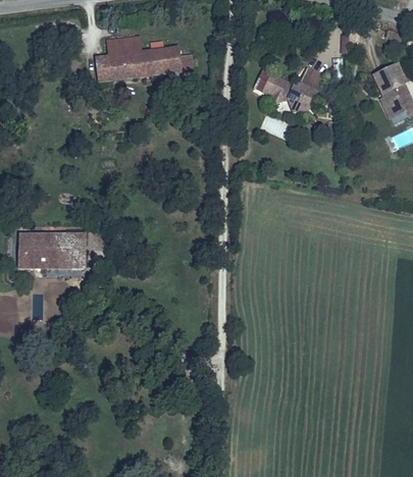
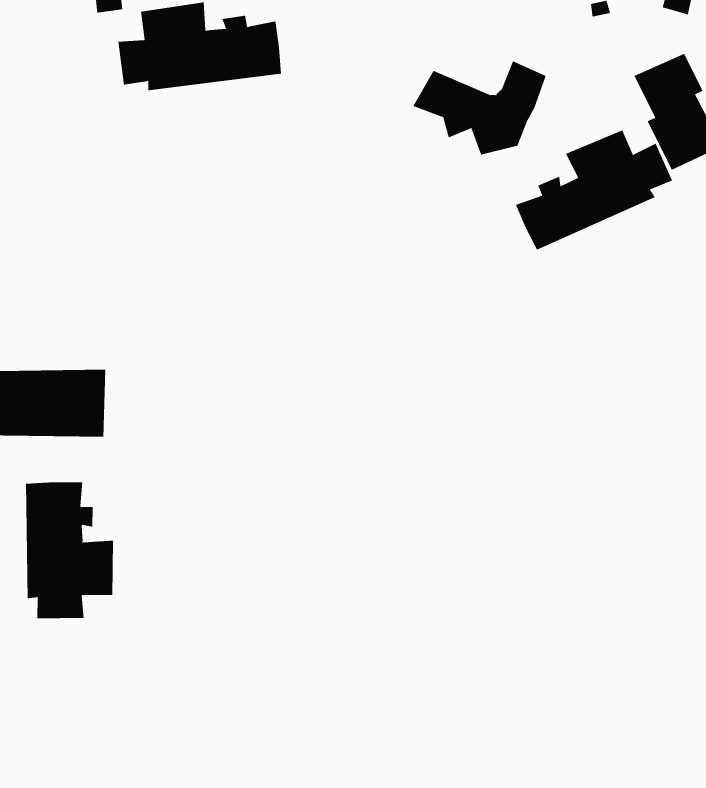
building: none -> [515,129,673,250]
building: none -> [26,481,114,619]

